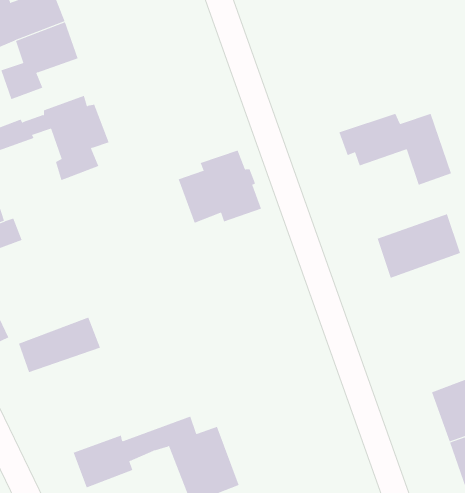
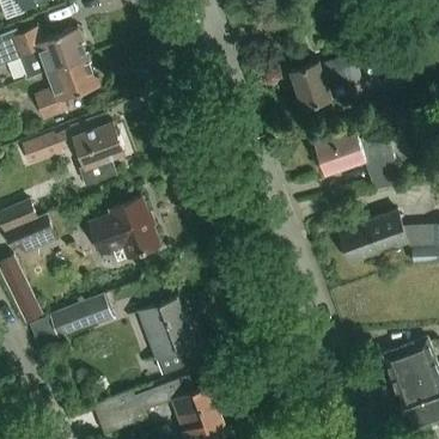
building: none -> [288,53,360,109]
building: [178,150,262,224] -> [90,197,158,257]
building: none -> [139,293,199,373]

